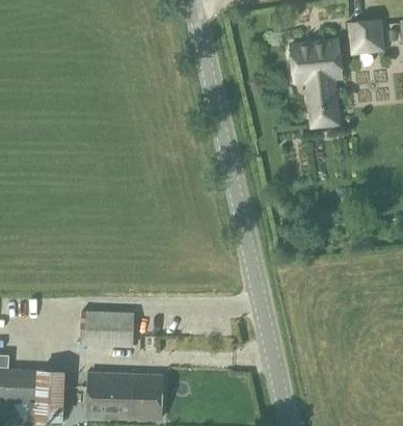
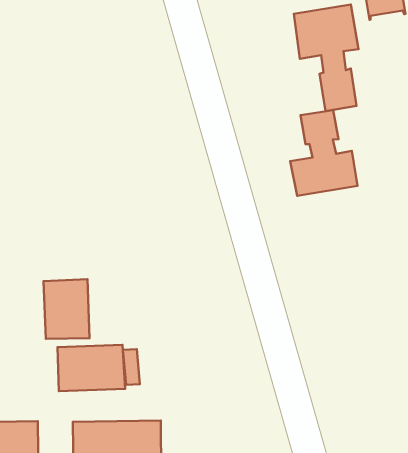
building: none -> [290,110,357,196]
building: none -> [44,279,90,339]

